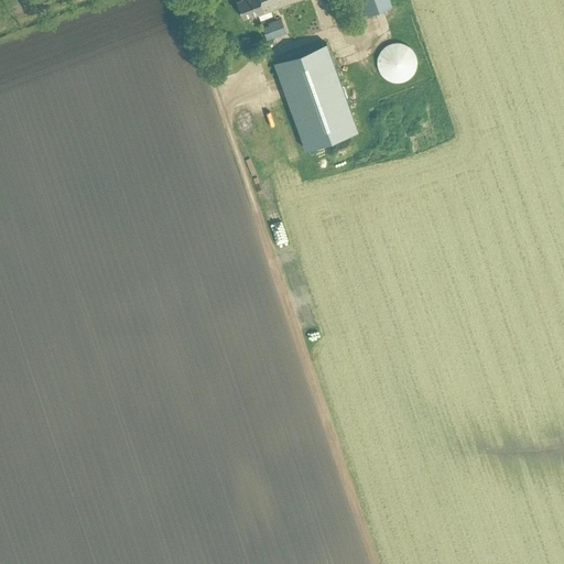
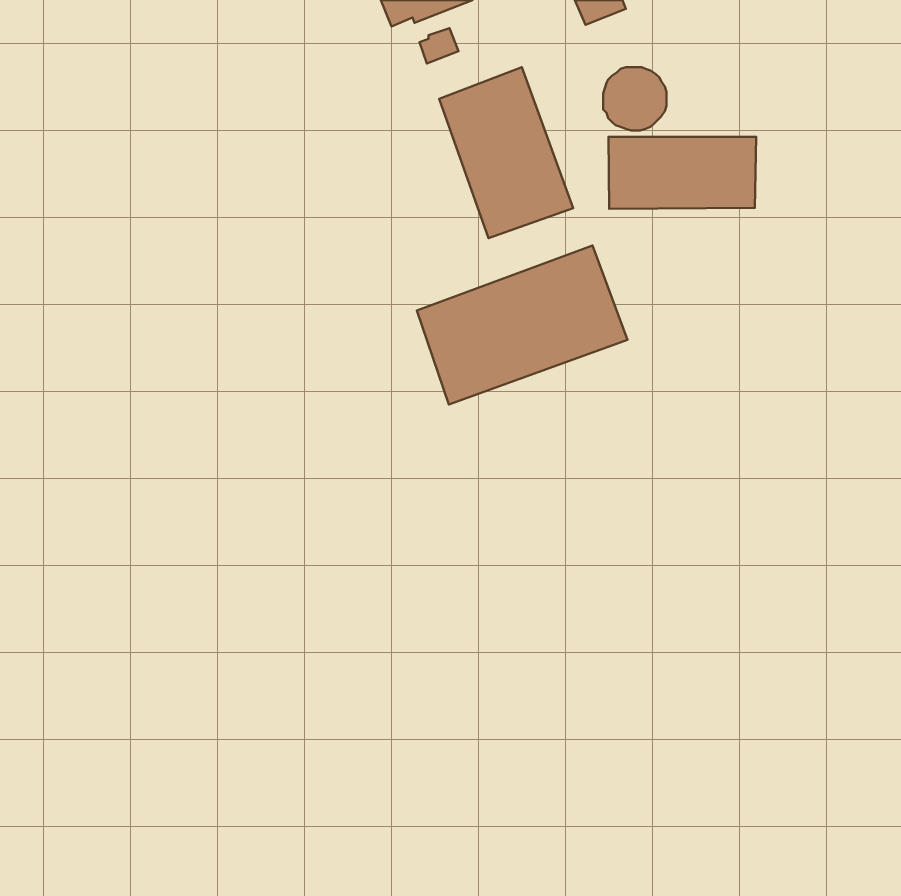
building: none -> [608,137,756,209]
building: none -> [417,245,627,405]

